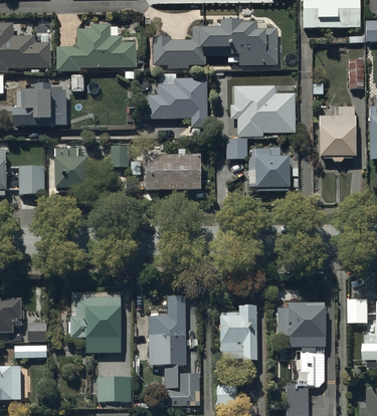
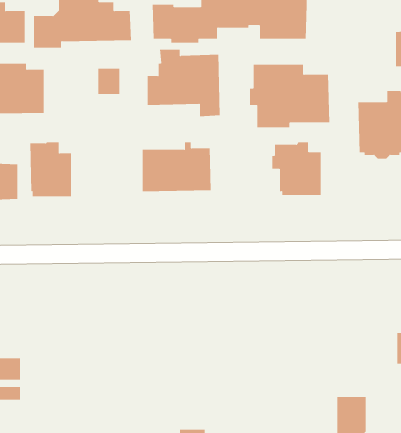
building: [225,138,247,159] -> none
building: [111,146,129,167] -> [98,68,120,94]
building: [67,294,119,358] -> none
building: [146,301,185,371] -> none
building: [276,302,325,348] -> none
building: [220,311,257,368] -> none

